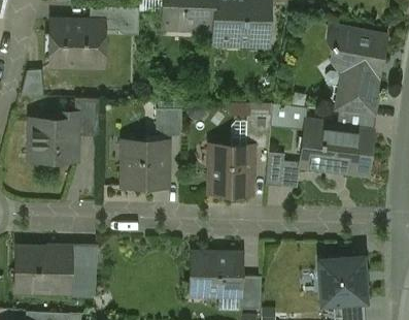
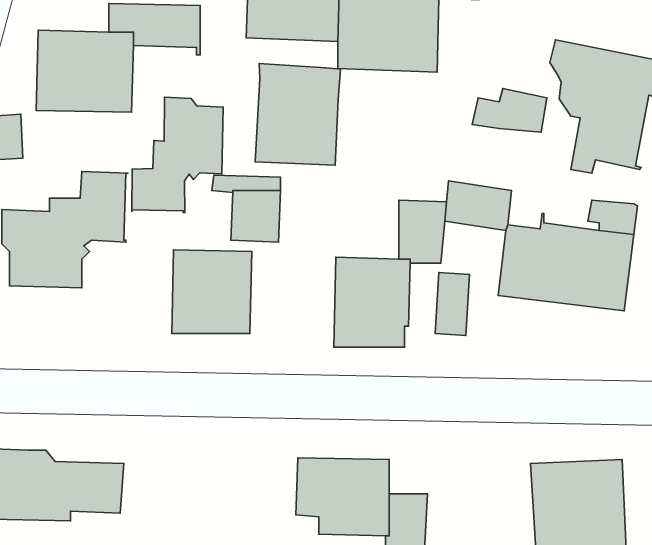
building: none -> [255,63,341,165]
building: none -> [132,97,223,213]
building: [335,93,375,117] -> [472,88,547,132]

